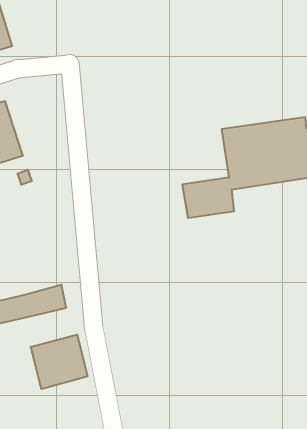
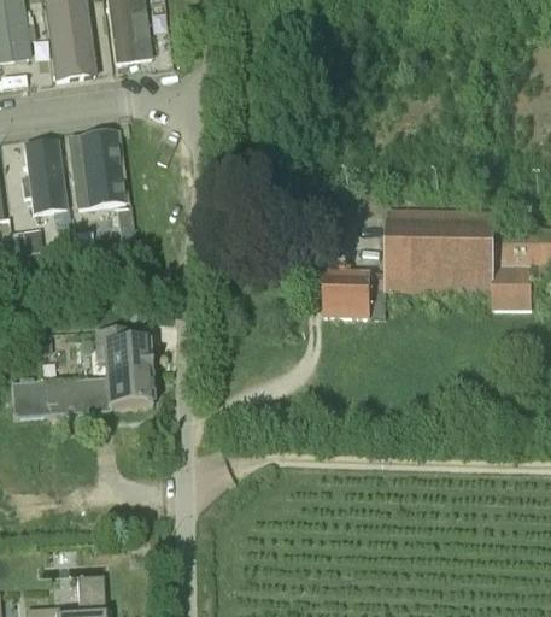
building: none -> [95,327,151,377]
building: [31,335,88,389] -> none

